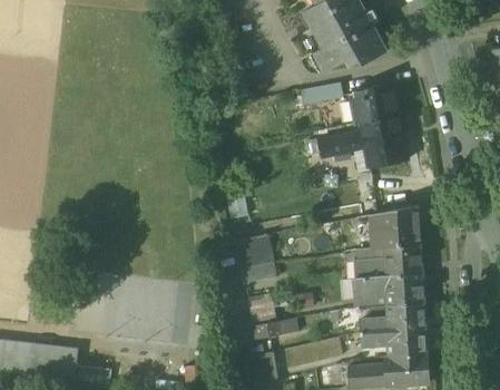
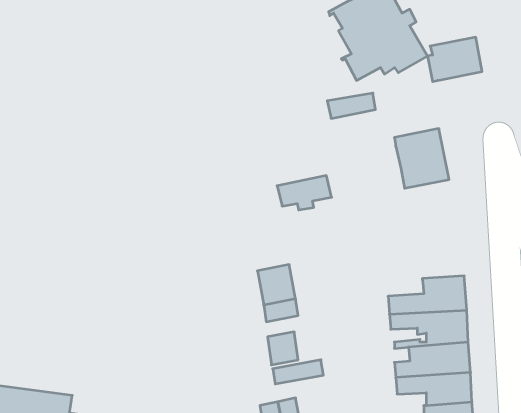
building: [350,85,398,124] -> [427,37,482,82]
building: [316,130,364,160] -> [277,176,332,210]
building: [369,205,420,247] -> none

